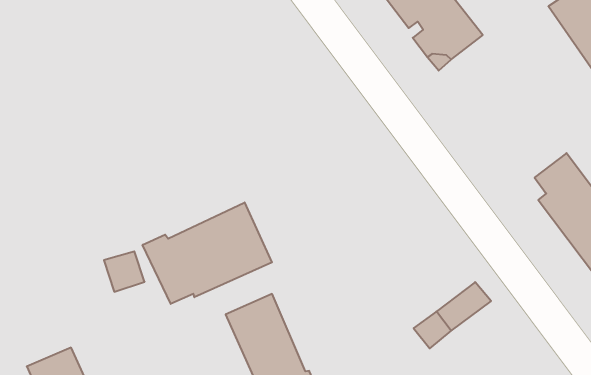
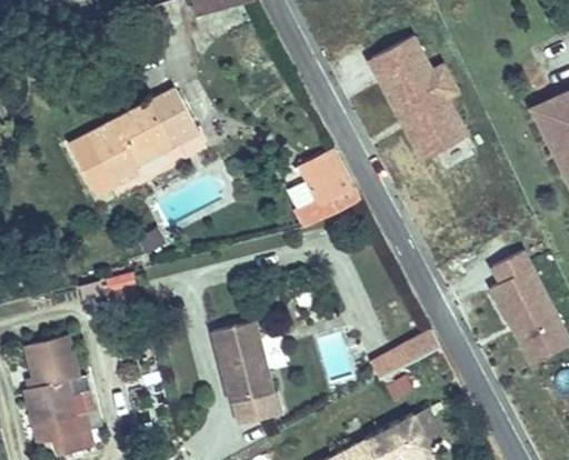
building: none -> [79,100,186,184]
building: none -> [292,152,355,226]
building: [143,202,272,304] -> none

